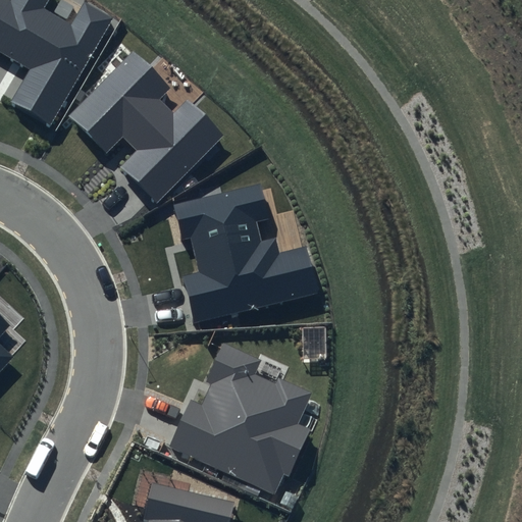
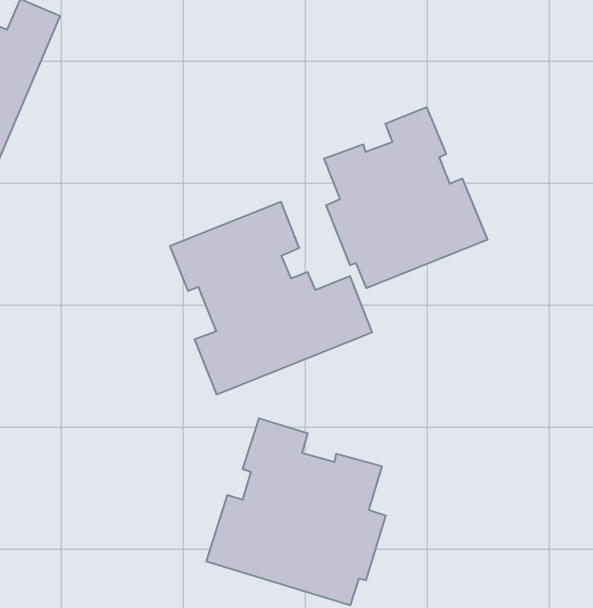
building: [68,51,224,203] -> none
building: none -> [324,107,487,288]

